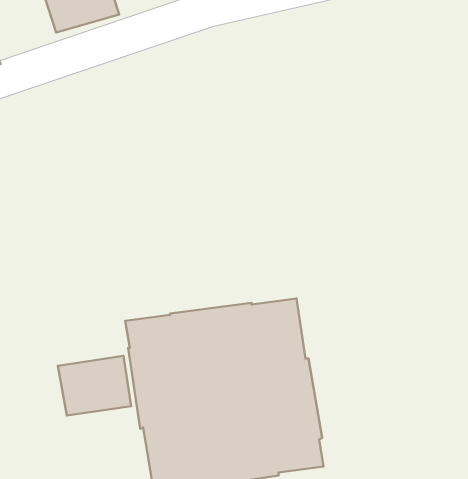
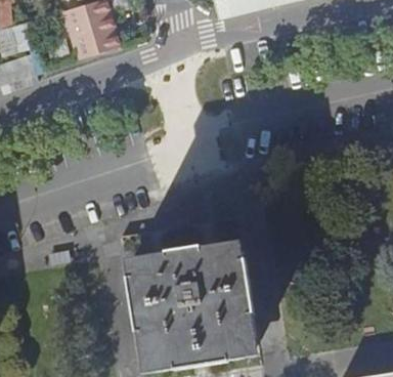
building: [58,356,131,416] -> none

